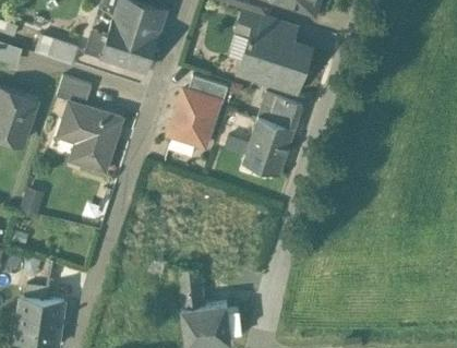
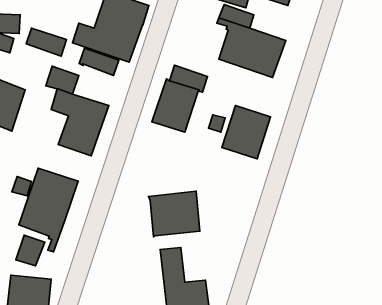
building: none -> [79,48,119,75]
building: [257,93,303,130] -> none
building: none -> [19,168,78,252]
building: none -> [149,191,200,237]

